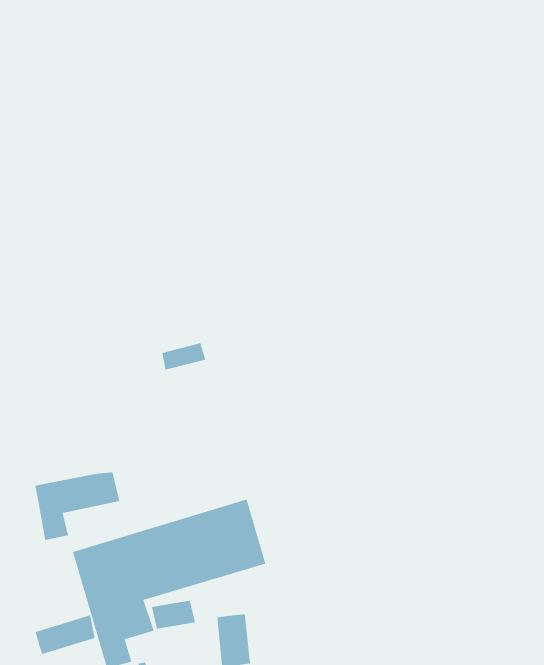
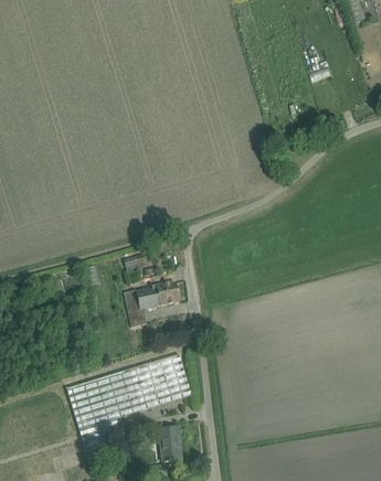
building: [34,472,120,541] -> [124,281,179,325]
building: [35,614,95,655] -> none

